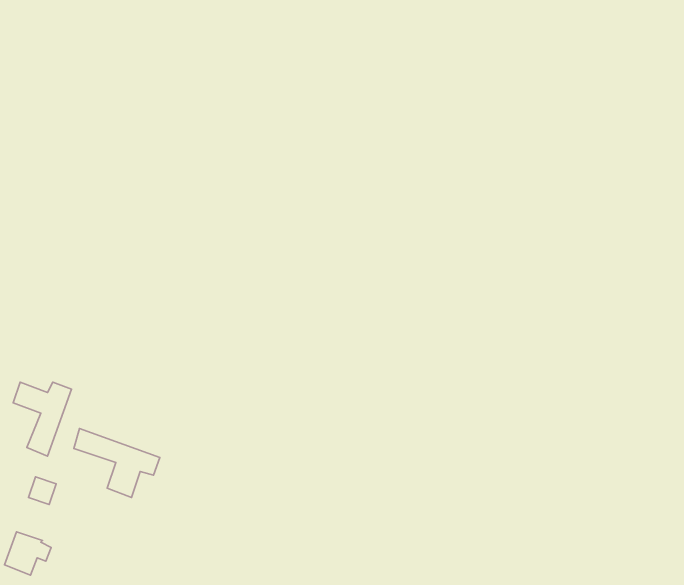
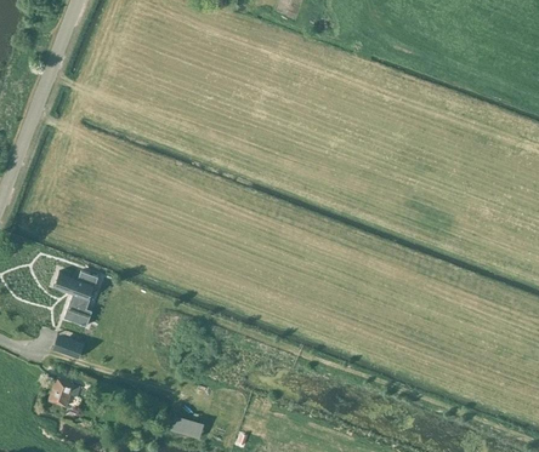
building: [74,429,160,498] -> none

